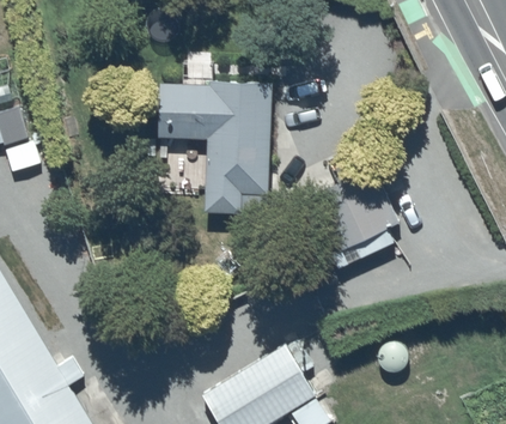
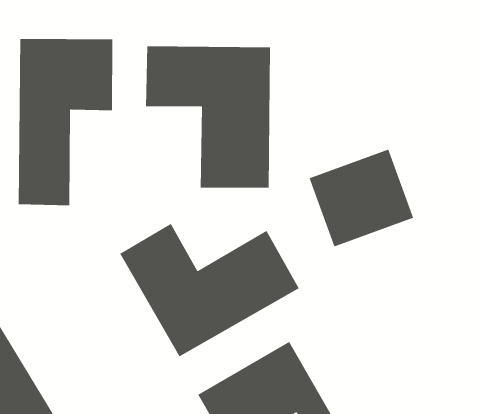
building: none -> [18,38,113,206]
building: none -> [119,223,300,358]

